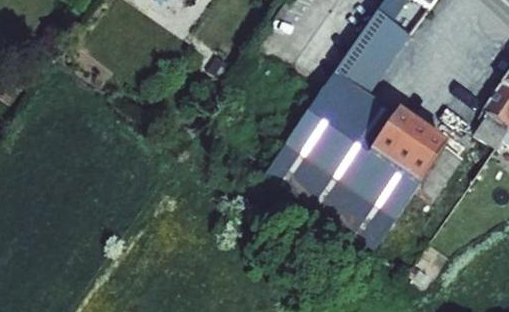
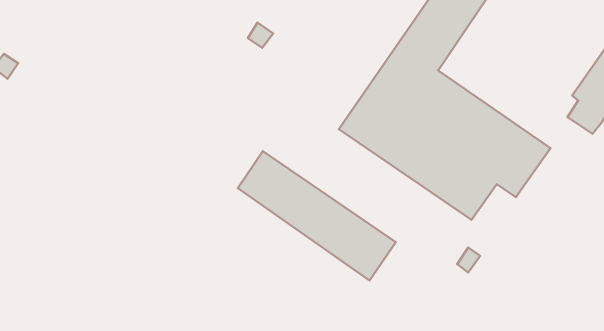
building: [265,141,397,249] -> [238,151,396,280]

